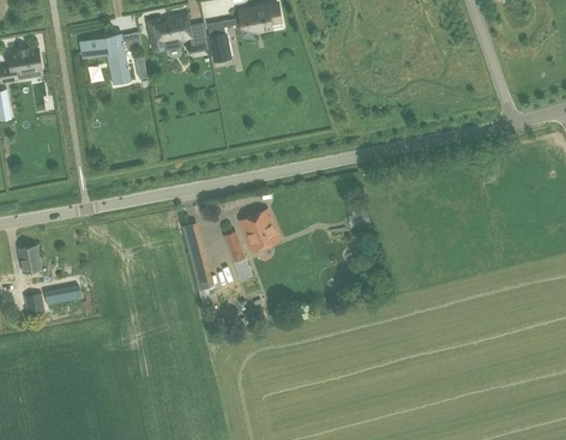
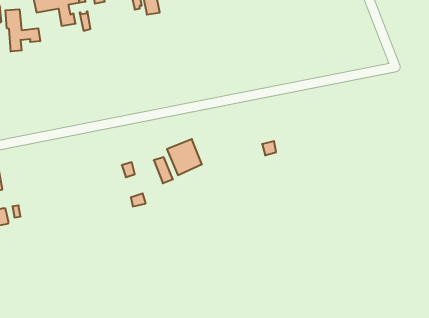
building: none -> [6,9,40,52]

